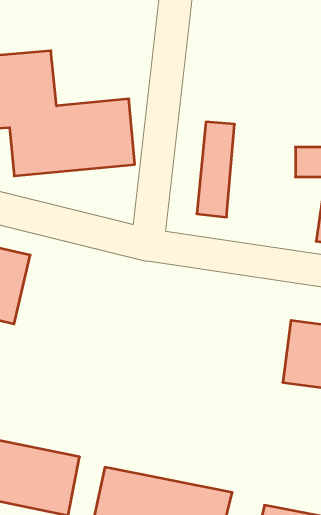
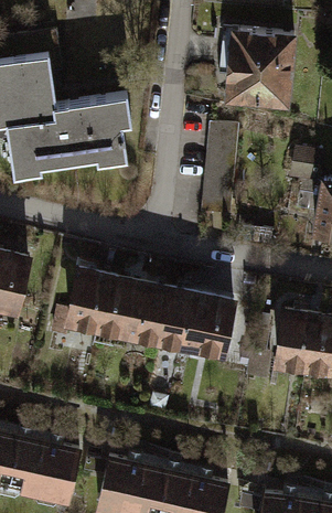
building: none -> [214,26,289,103]
building: none -> [67,268,247,362]

